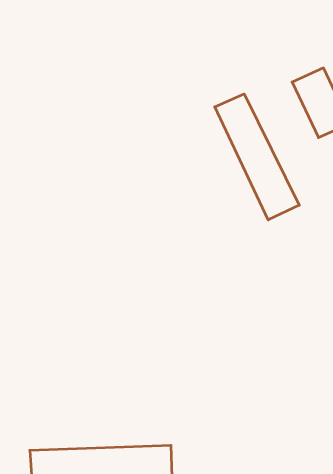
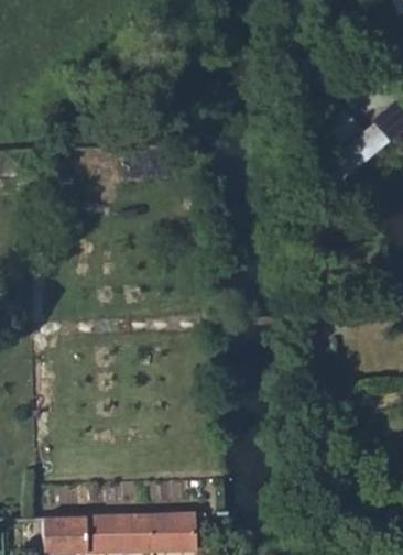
building: [215,94,299,220] -> none

